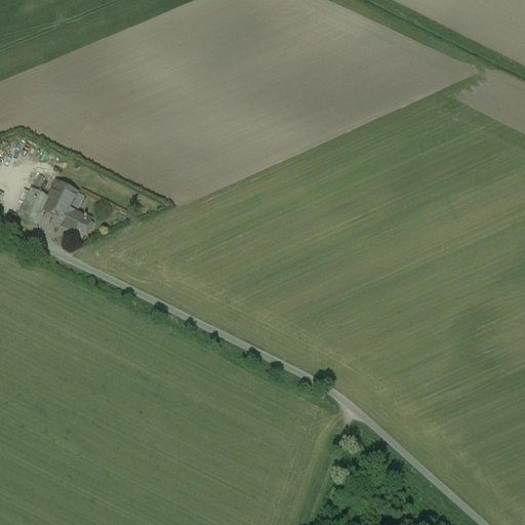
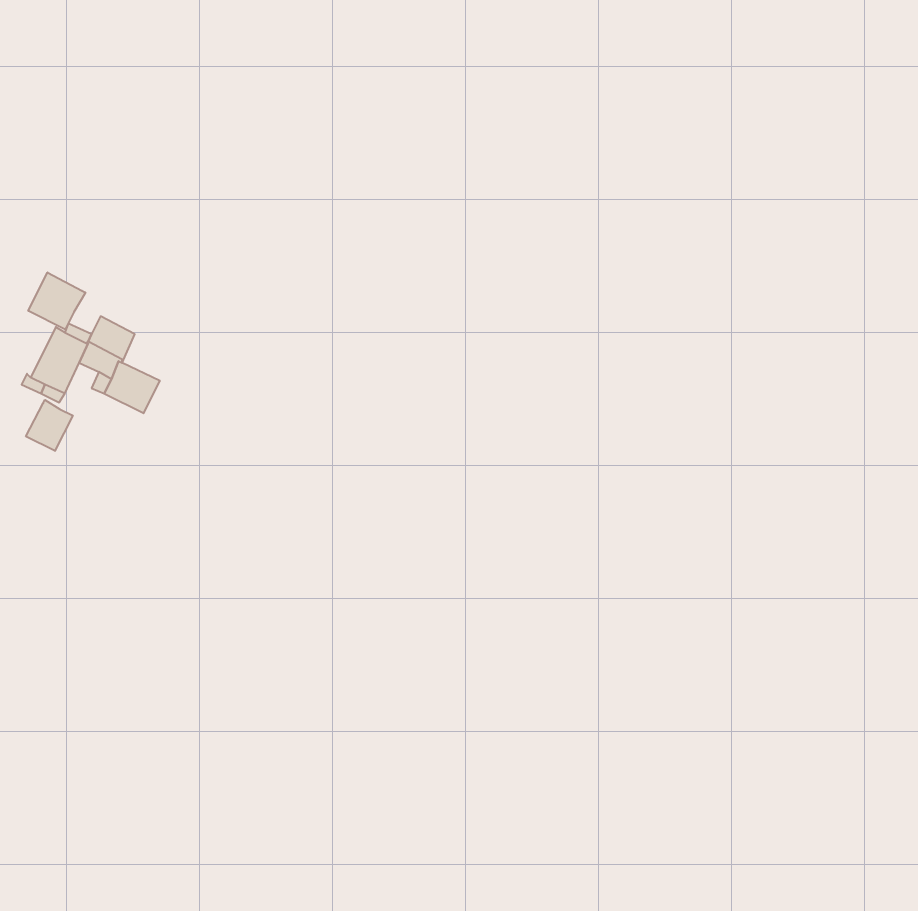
building: none -> [28,272,85,329]
building: none -> [26,400,73,451]

